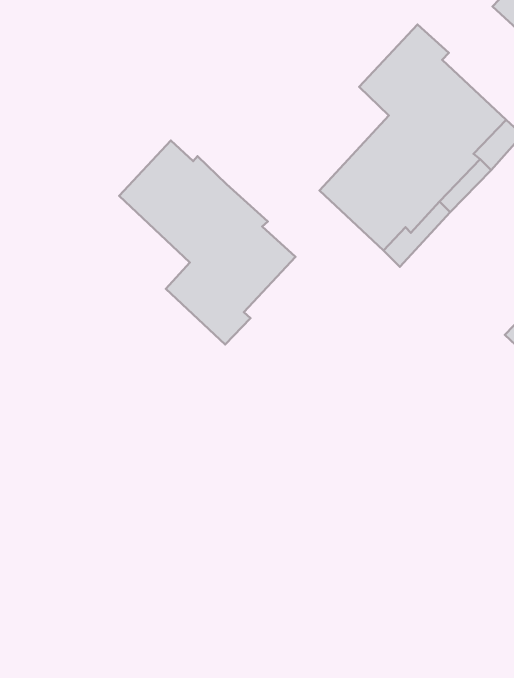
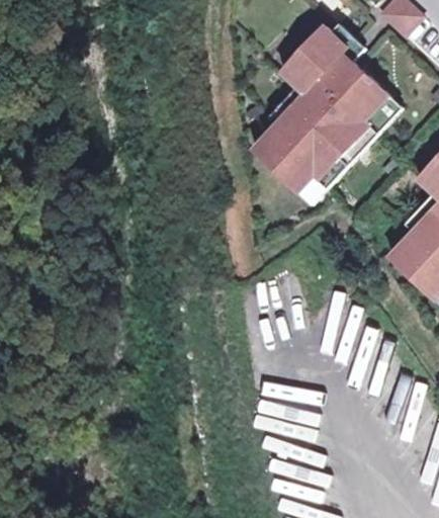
building: [119,141,295,344] -> none

